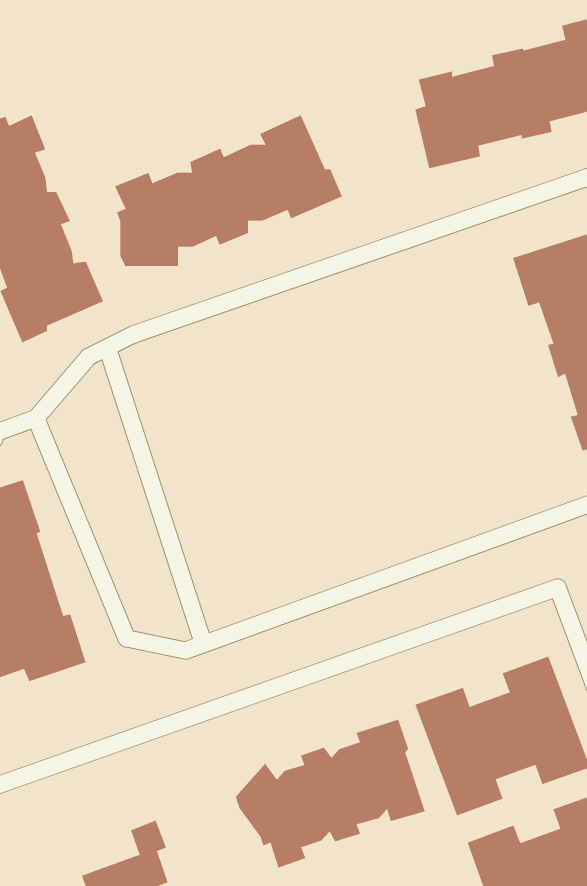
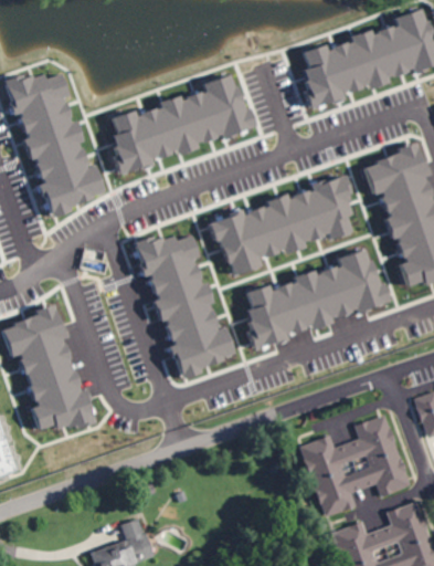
building: none -> [209,177,352,273]
building: none -> [135,231,234,379]
building: none -> [247,251,389,347]
building: [235,719,425,869] -> none

